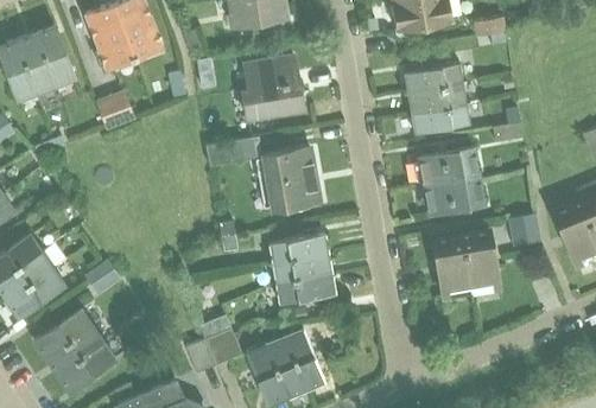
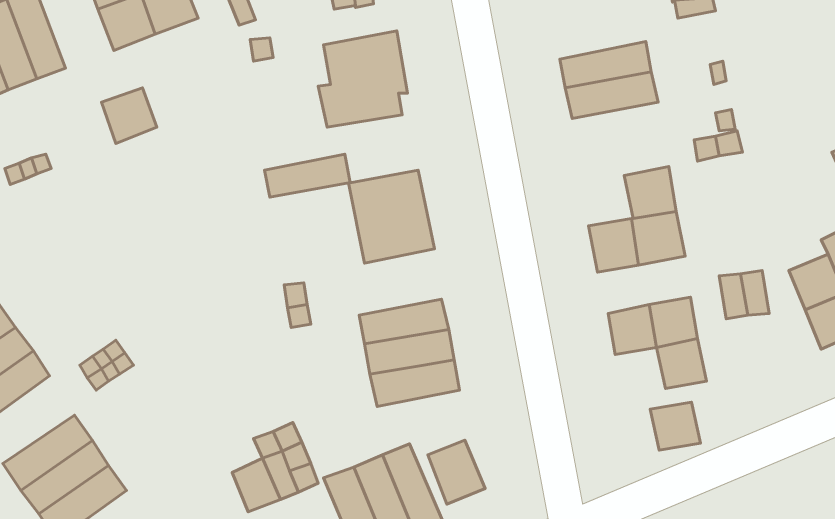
building: [411,102,471,134] -> none
building: [417,151,451,184] -> none
building: [439,264,473,297] -> [650,402,700,450]
building: none -> [428,440,485,504]

